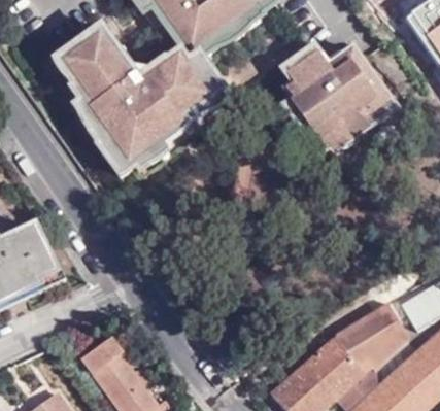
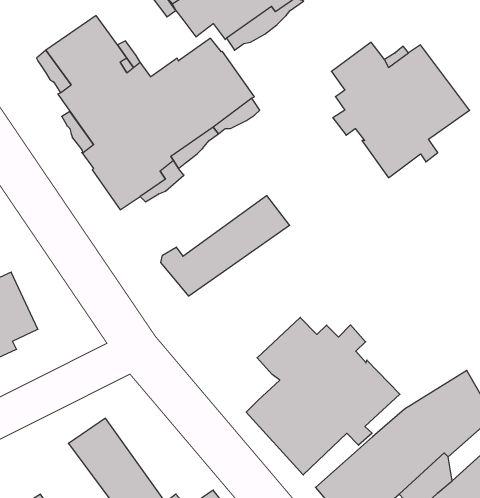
building: none -> [161,196,290,296]
building: none -> [246,317,400,475]

